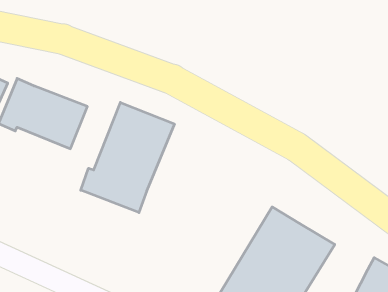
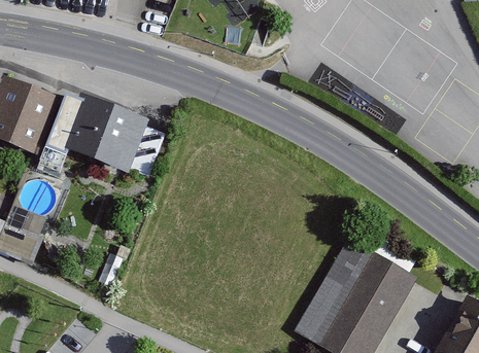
building: [81,102,174,213] -> none

